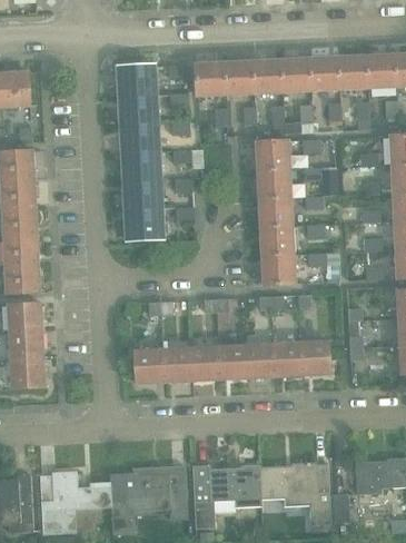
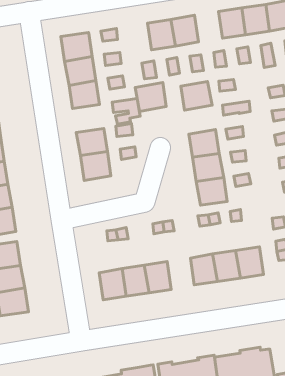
building: [281,57,311,90] -> none
building: [195,61,226,95] -> none
building: [125,151,159,181] -> none
building: [257,167,291,198] -> [135,83,166,111]
building: [217,345,246,379] -> none

